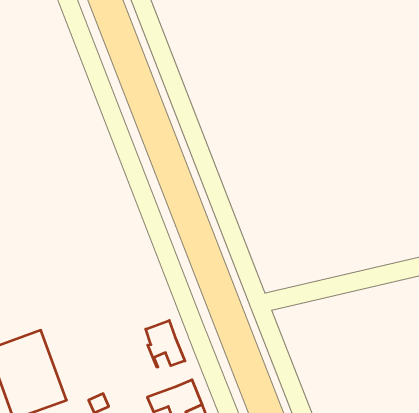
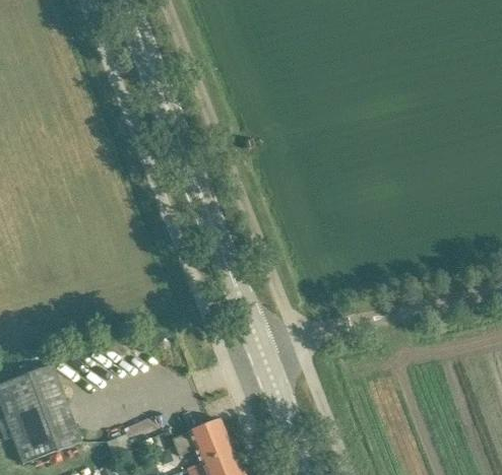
building: [146,320,185,367] -> none

